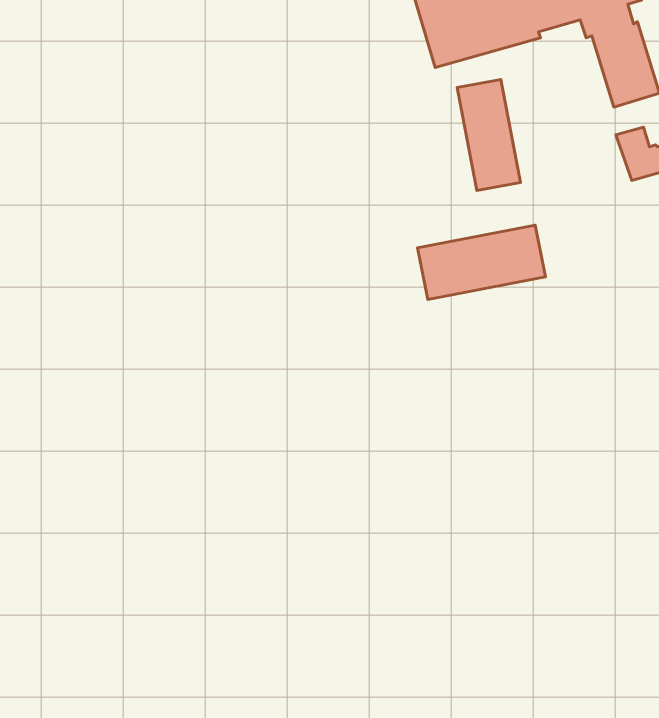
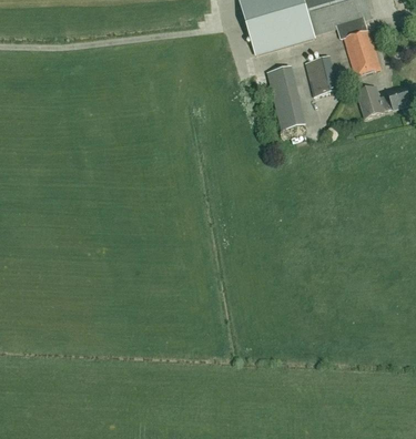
building: none -> [304,58,329,96]
building: [417,225,546,299] -> none

